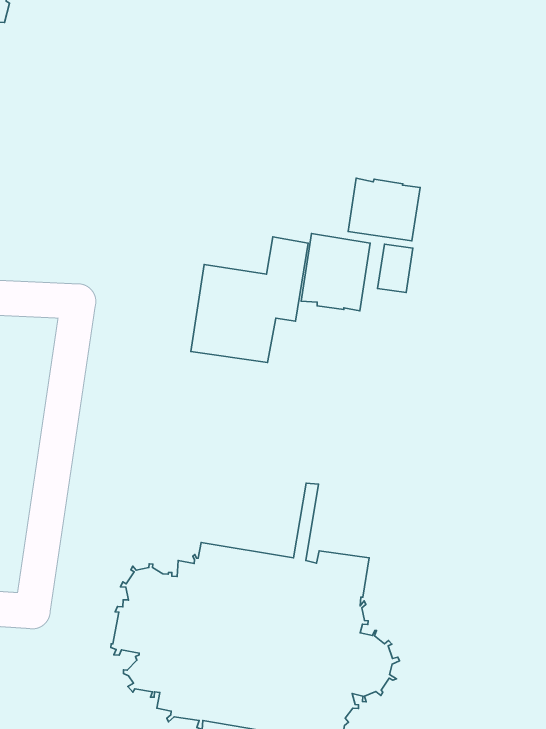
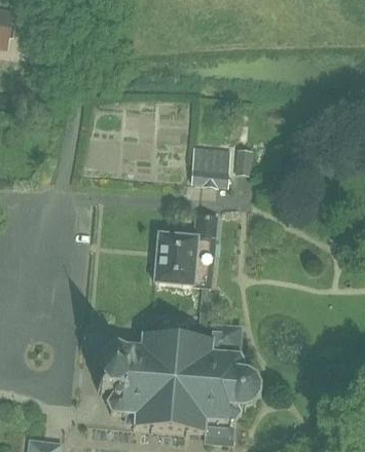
building: [348,178,420,241] -> none
building: [191,237,308,362] -> [153,214,216,286]

